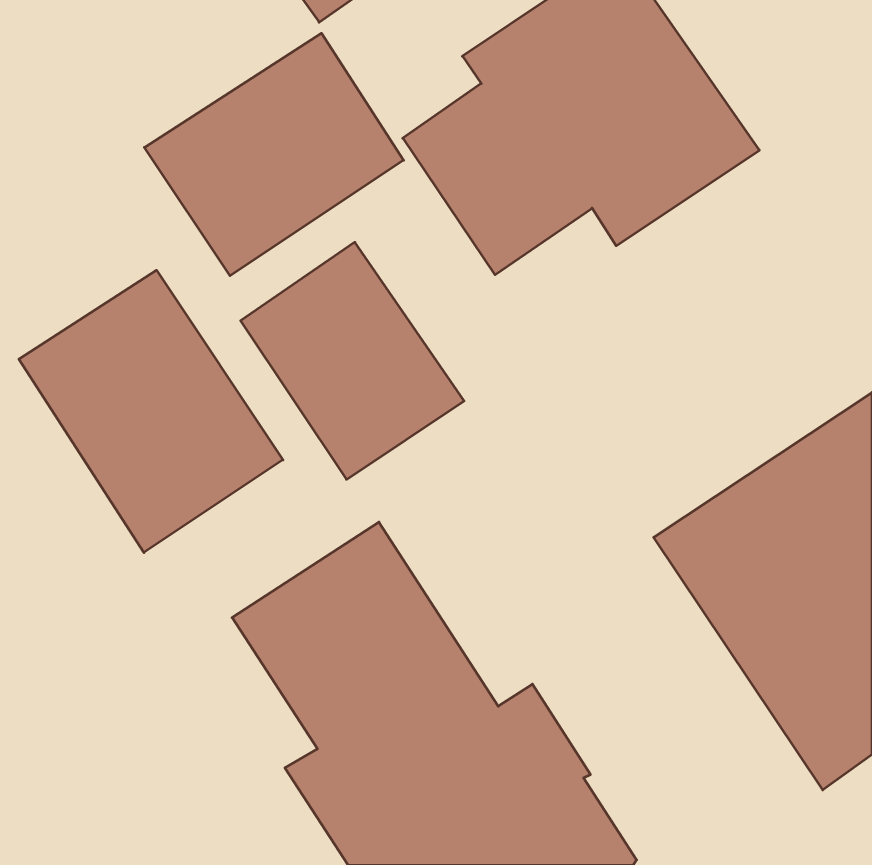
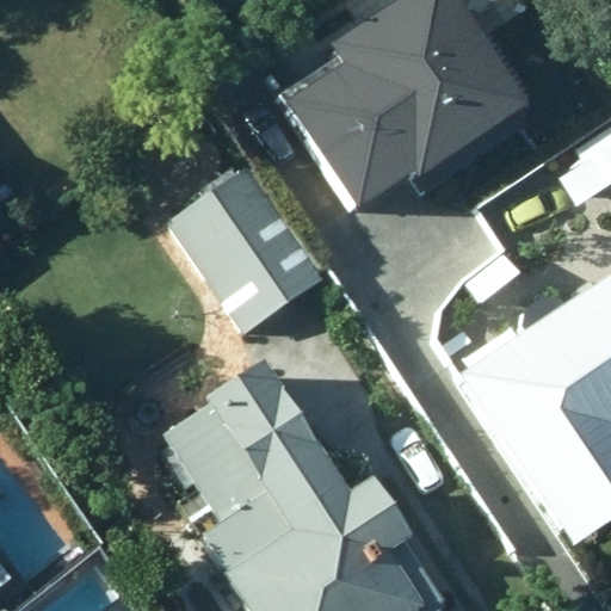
building: [144,33,404,276] -> none
building: [19,270,283,553] -> none

